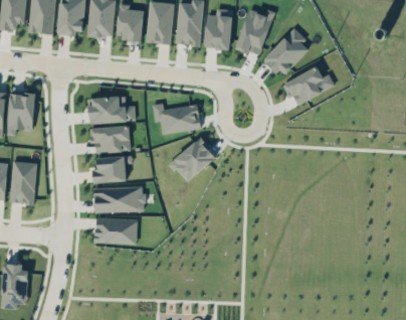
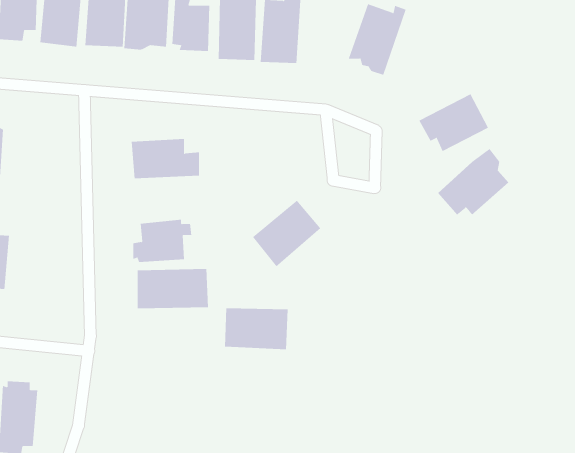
building: [206,10,233,50] -> none
building: [260,26,309,71] -> [437,148,509,216]
building: [8,93,35,137] -> none
building: [158,106,202,136] -> none
building: [86,122,131,151] -> none
building: [9,161,36,204] -> none
building: [93,216,137,245] -> [224,308,288,350]

